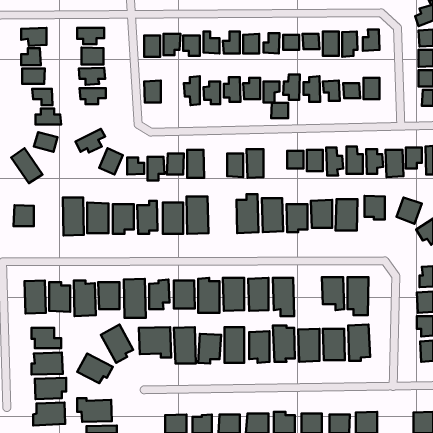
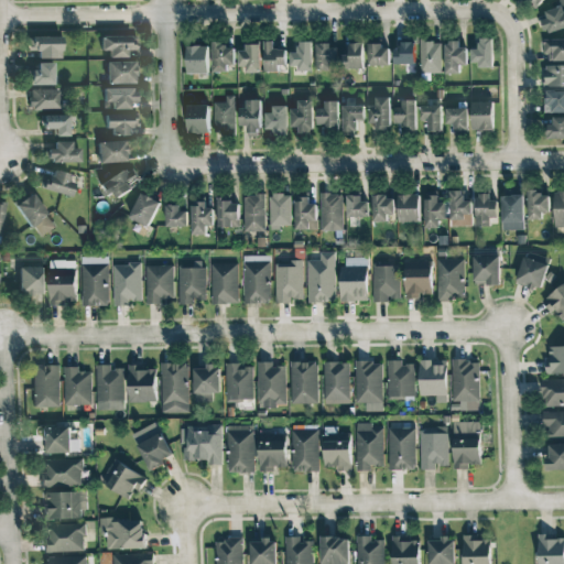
building: none -> [214,95,235,133]
building: [271,103,288,118] -> [346,197,368,217]
building: none -> [97,141,126,163]
building: none -> [270,194,291,229]
building: none -> [50,260,77,305]
building: none -> [275,261,303,303]
building: none -> [387,360,414,398]

